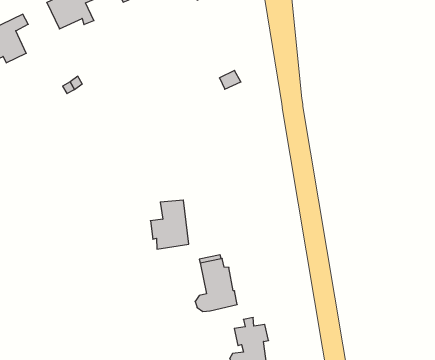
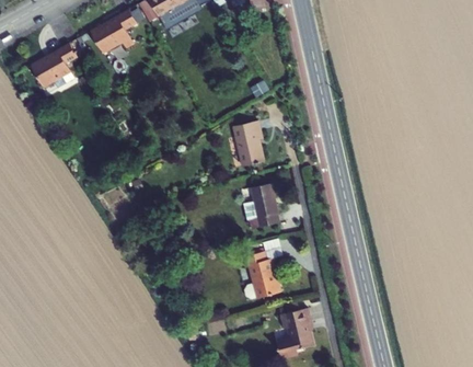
building: none -> [233,121,265,165]
building: [150,200,189,249] -> [243,183,279,229]

